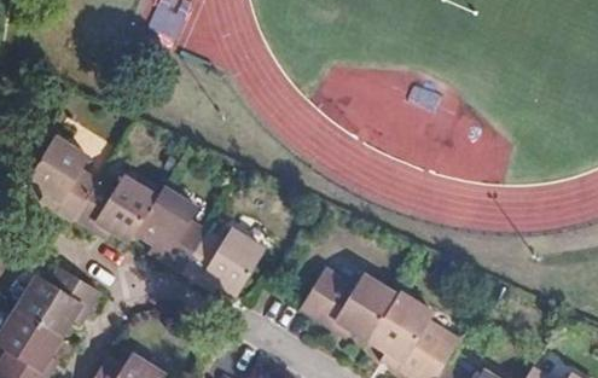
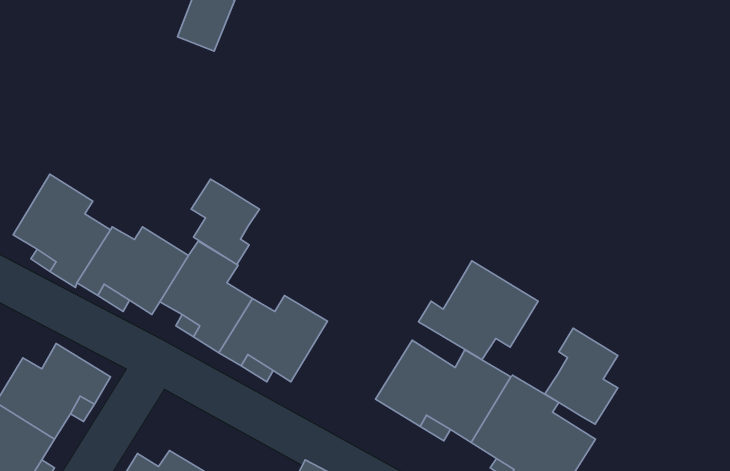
building: none -> [191,179,260,264]
building: none -> [419,261,538,360]
building: none -> [545,328,618,424]

